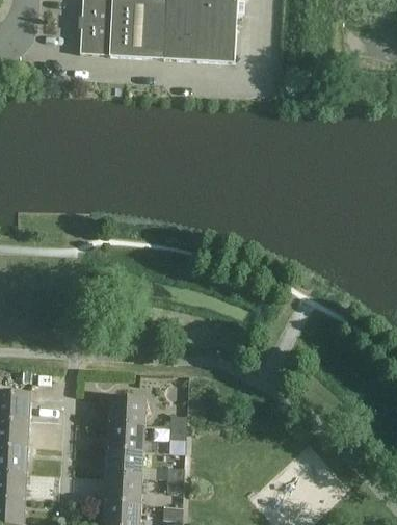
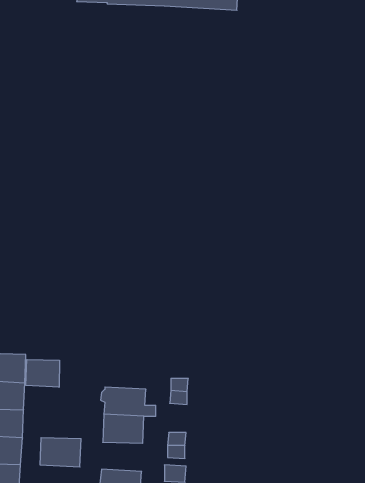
building: [106,396,147,425] -> none
building: none -> [26,360,59,387]
building: [103,476,142,504] -> [40,438,81,467]

